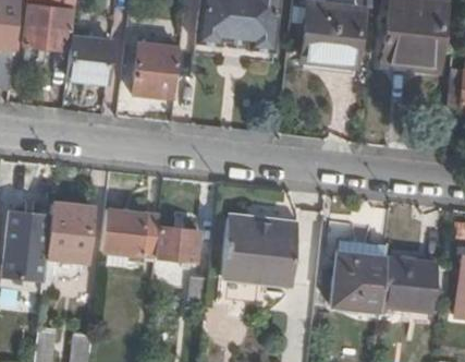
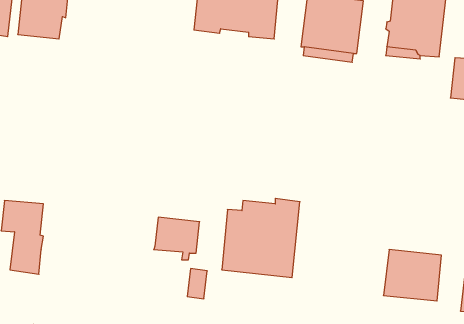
building: [69,36,112,81] -> none
building: [133,41,180,97] -> none
building: [47,202,94,261] -> none
building: [102,205,162,263] -> none
building: [333,238,388,310] -> none

